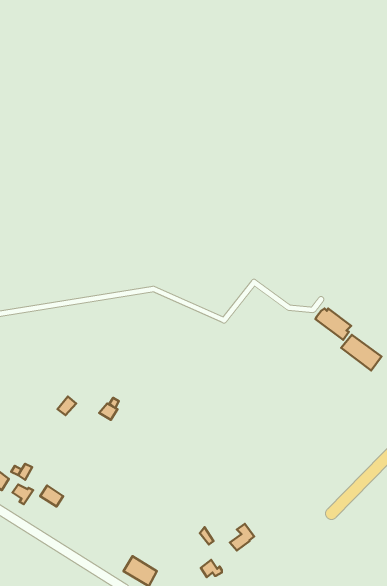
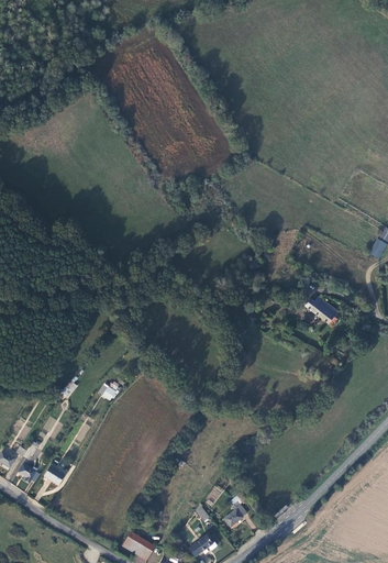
building: [341,335,381,371] -> none

